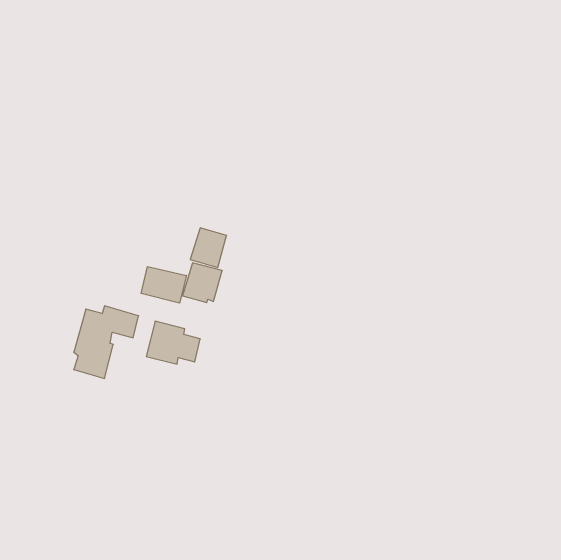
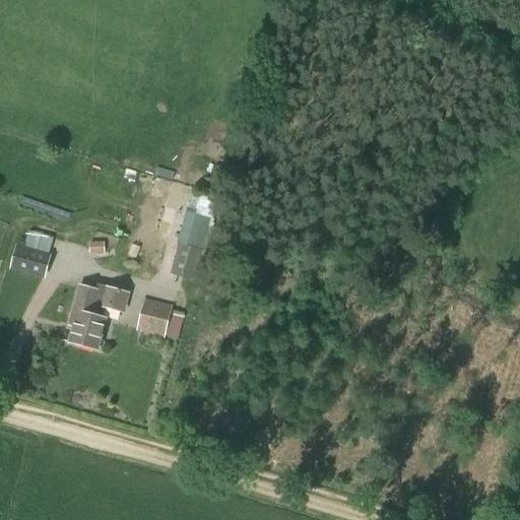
building: none -> [12,231,52,277]
building: [141,267,186,303] -> none

